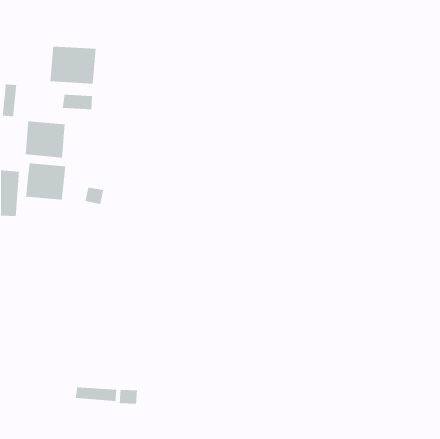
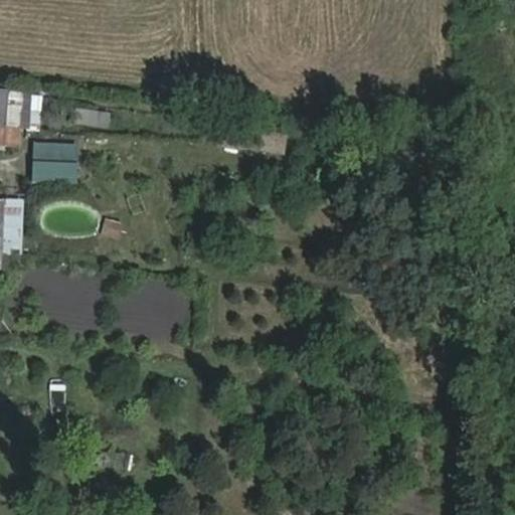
building: [50,46,96,85] -> none
building: [25,163,66,201] -> none

